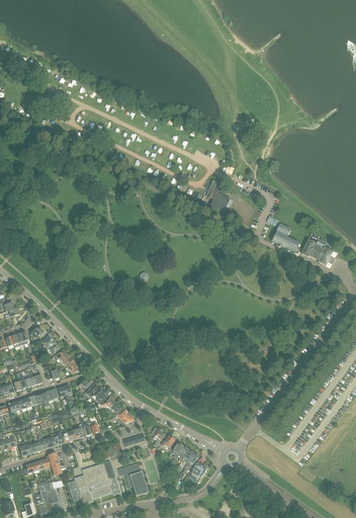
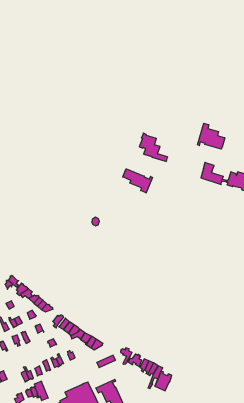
building: none -> [198,123,225,149]
building: none -> [123,169,152,193]

